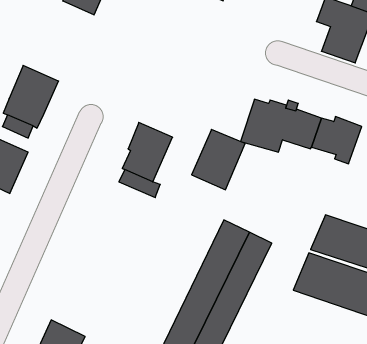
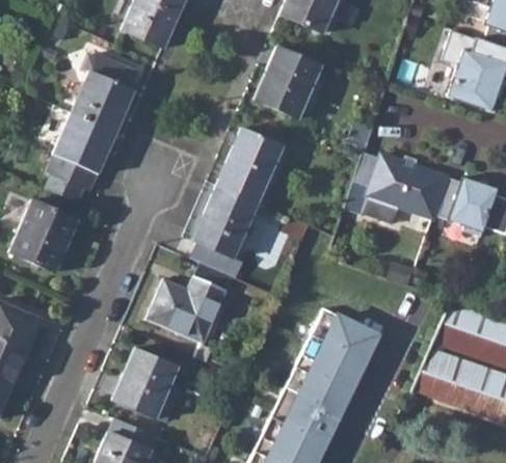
building: none -> [255,46,322,117]
building: none -> [72,53,137,132]
building: [192,129,245,190] -> [217,127,285,202]
building: none -> [149,276,229,343]
building: none -> [113,349,182,420]

